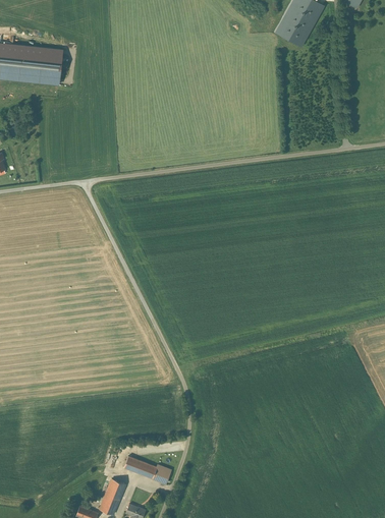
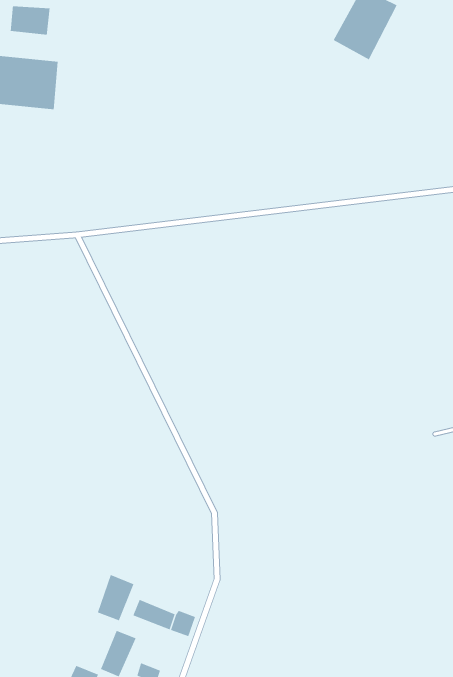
building: none -> [10,6,50,35]
building: none -> [97,574,134,621]

